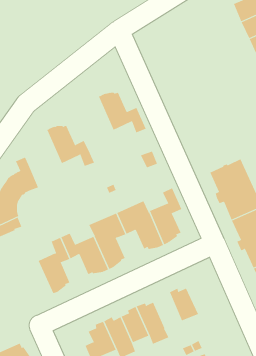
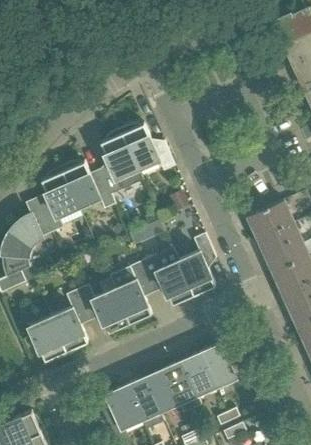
building: none -> [100,129,137,194]
building: none -> [41,167,78,233]
building: none -> [29,317,68,361]
building: none -> [183,353,215,395]

